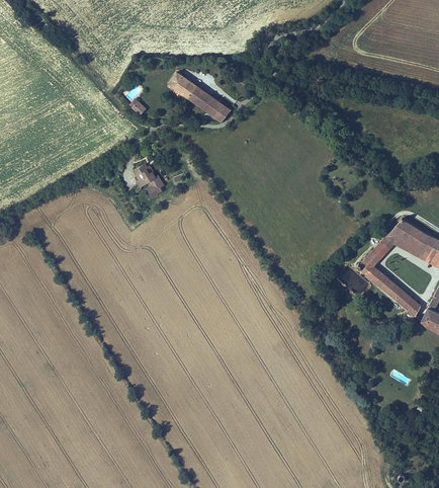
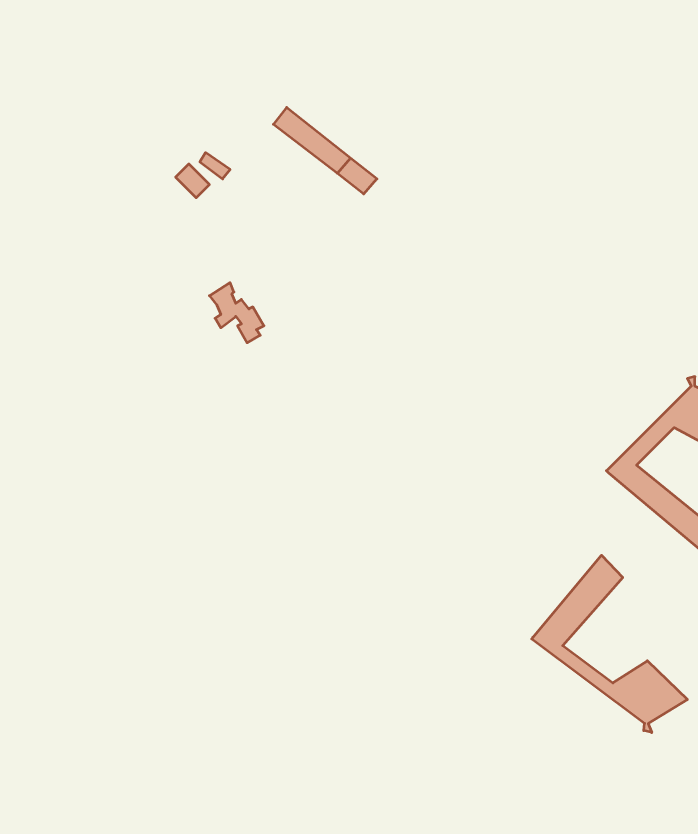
building: none -> [532,555,687,733]

